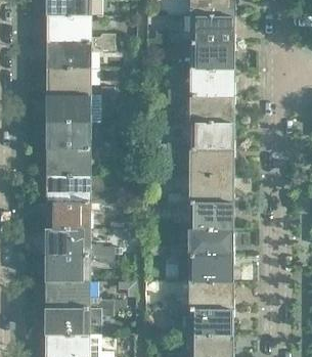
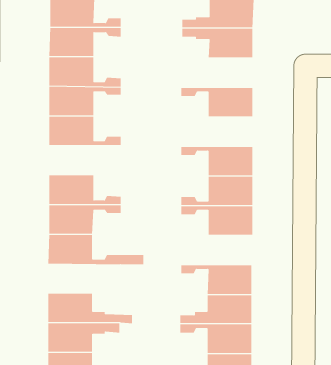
building: [167,70,232,96] -> none
building: [167,123,232,149] -> none
building: [48,148,114,175] -> none
building: [149,229,232,256] -> none
building: [47,255,113,281] -> none

